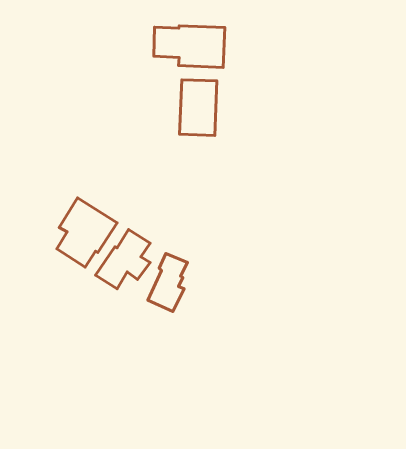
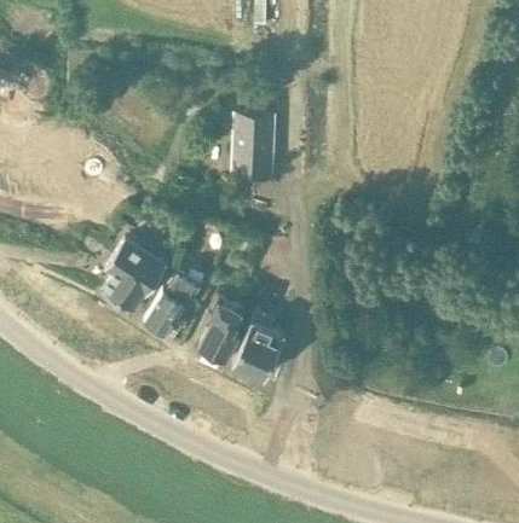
building: [154,26,225,68] -> none
building: none -> [232,312,284,380]

